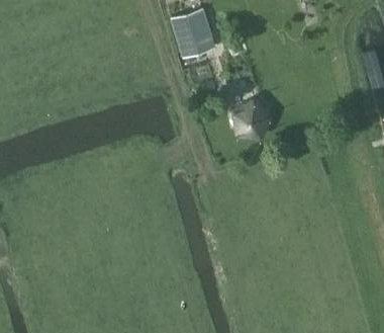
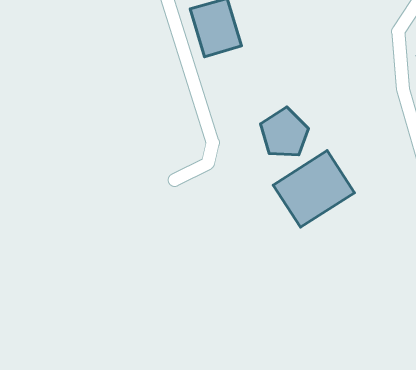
building: none -> [273,151,355,227]

